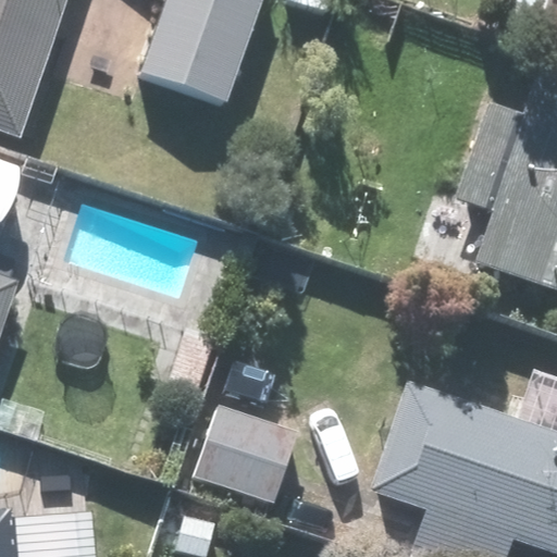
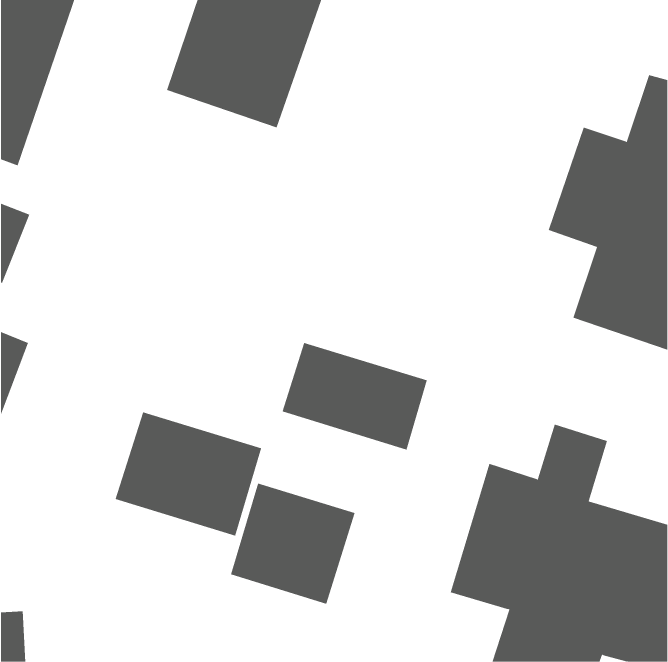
building: none -> [282,342,428,450]
building: none -> [115,412,262,537]

